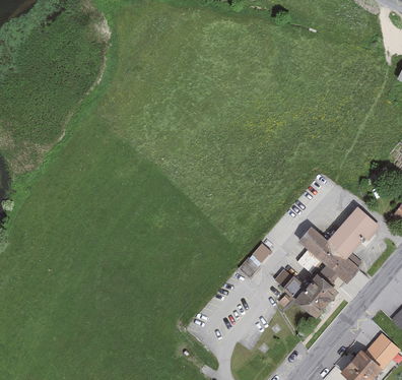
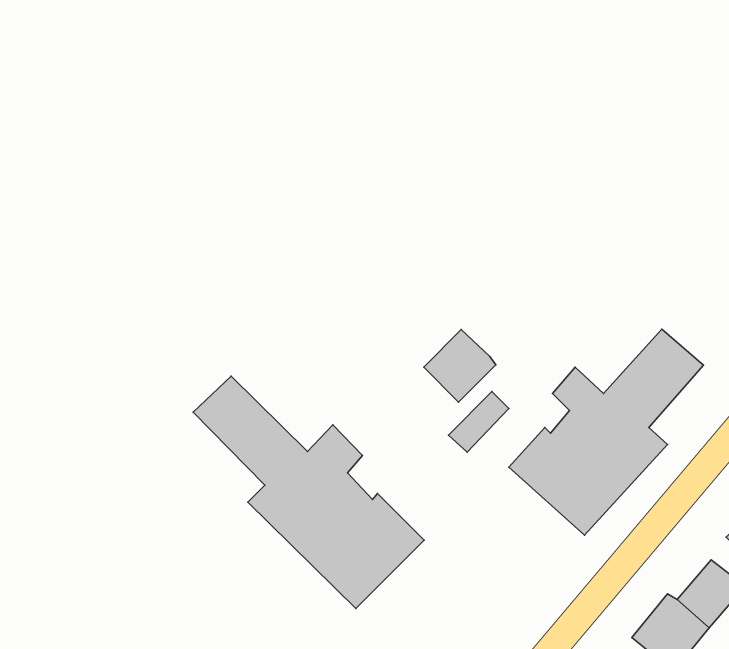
building: none -> [424,330,496,402]
building: none -> [193,376,424,609]

